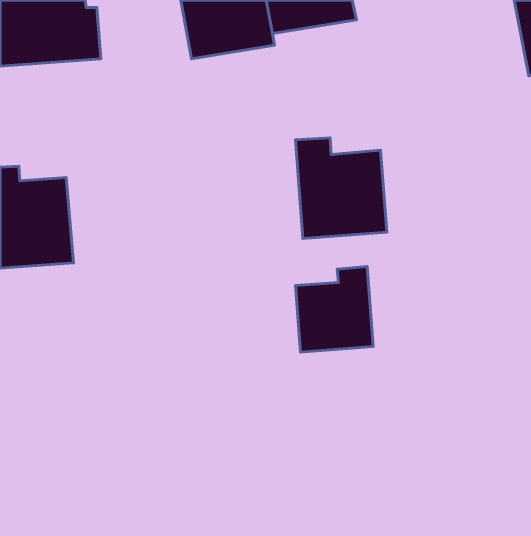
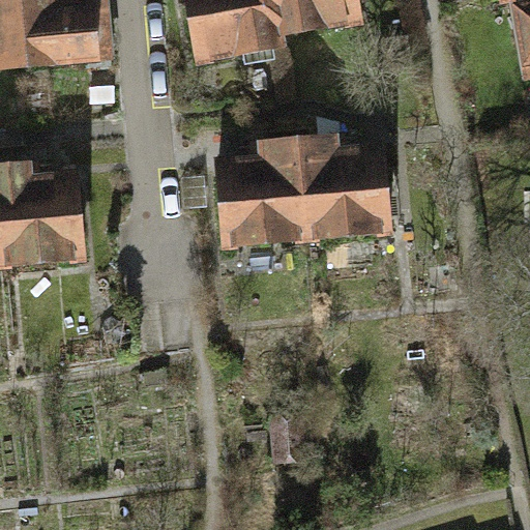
building: none -> [215,139,304,242]
building: [296,266,373,352] -> none

